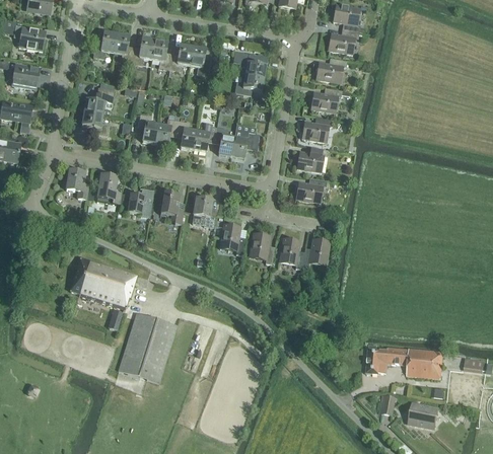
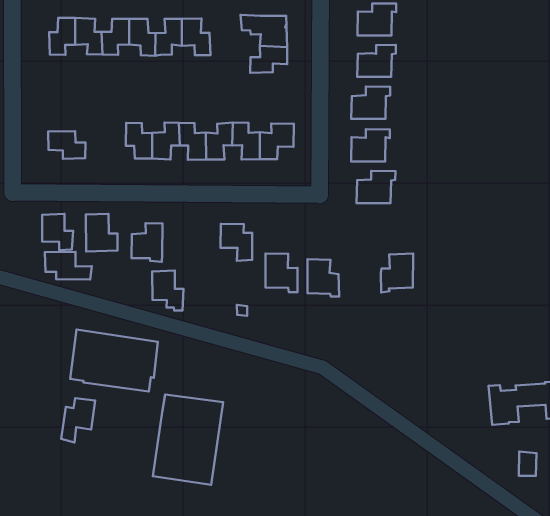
building: [83,87,115,115] -> none
building: [160,193,184,224] -> [152,271,183,310]
building: none -> [45,252,92,279]
building: [279,238,304,269] -> none
building: none -> [61,398,95,442]

